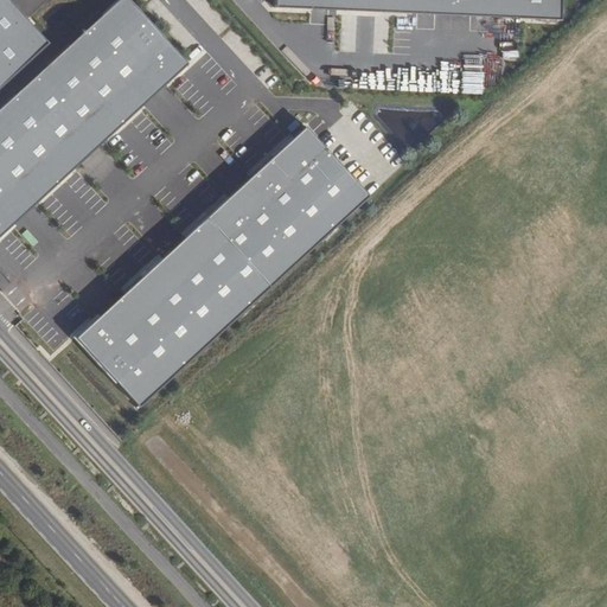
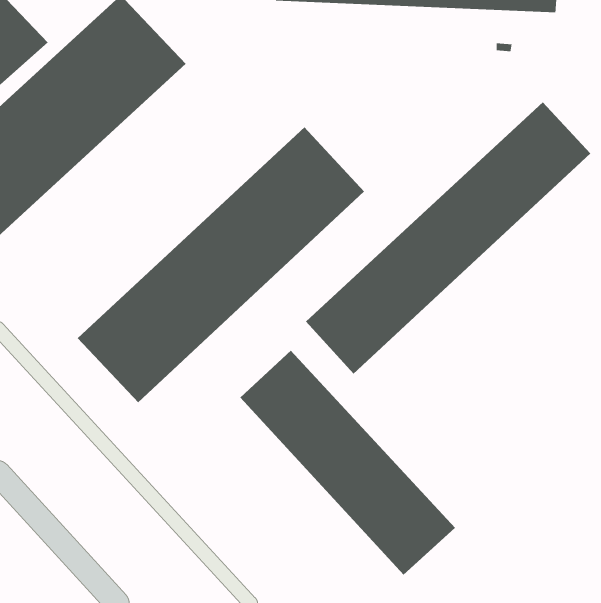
building: none -> [305,102,591,375]
building: none -> [240,350,456,576]

